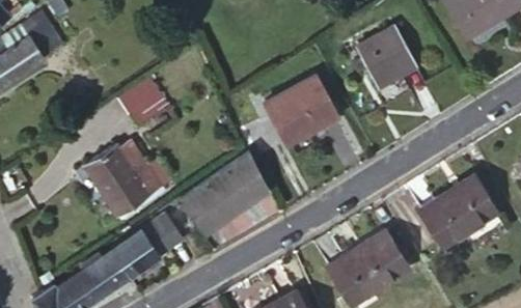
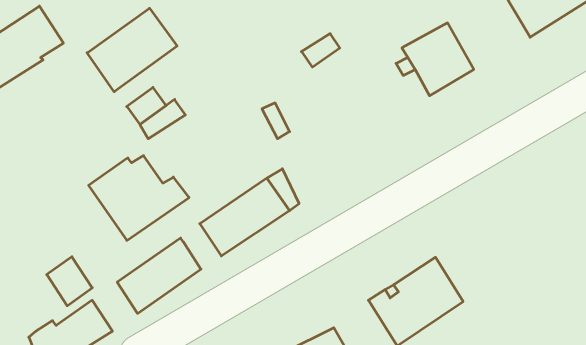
building: none -> [87,8,177,92]
building: [265,76,338,145] -> none
building: [419,175,496,247] -> none
building: [87,252,127,295] -> [47,257,92,306]

